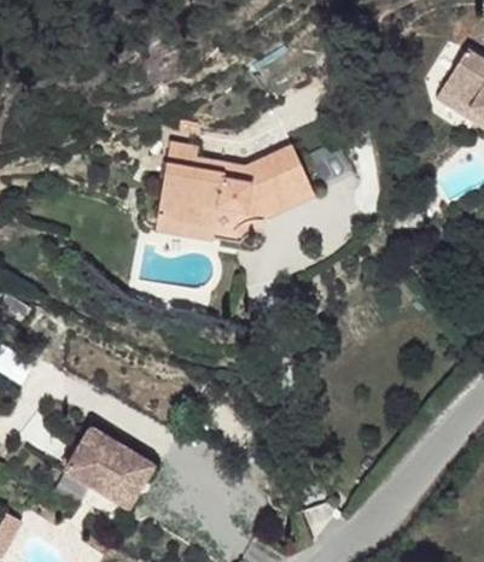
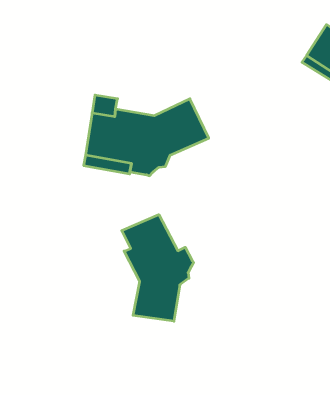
building: none -> [122,215,194,321]
building: [65,426,156,508] -> none

